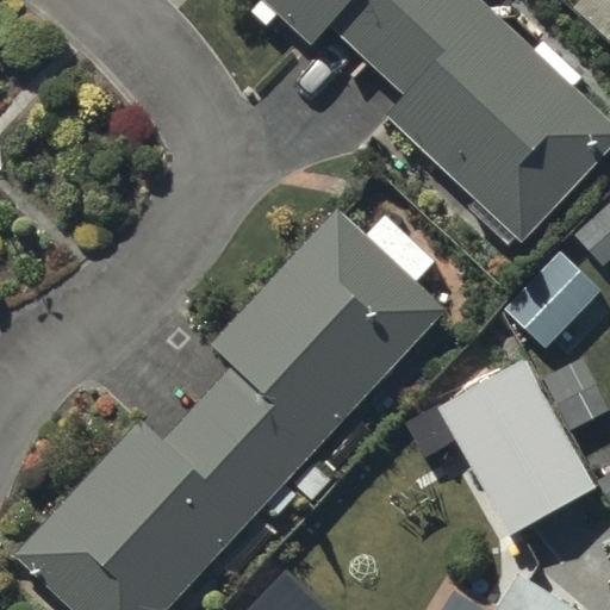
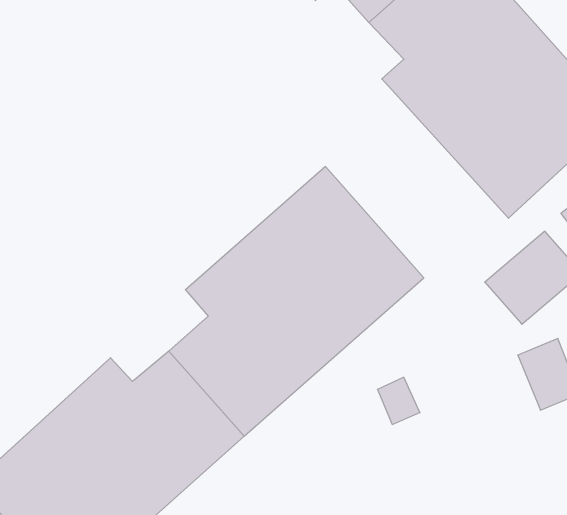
building: [440,360,597,535] -> none

